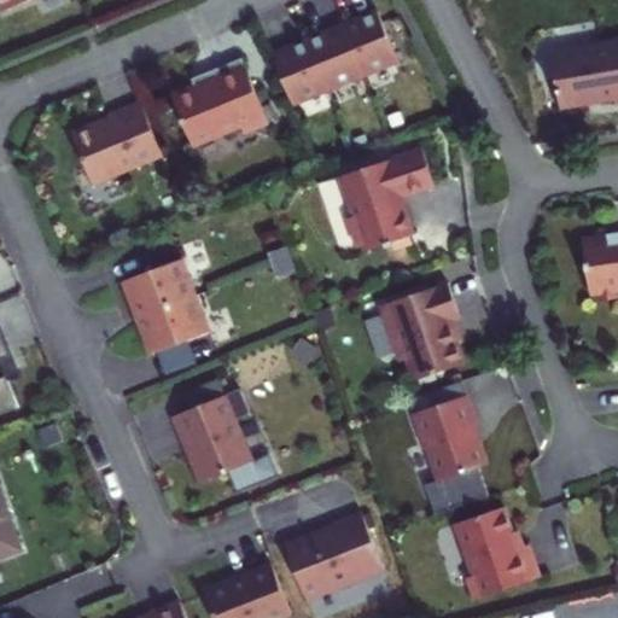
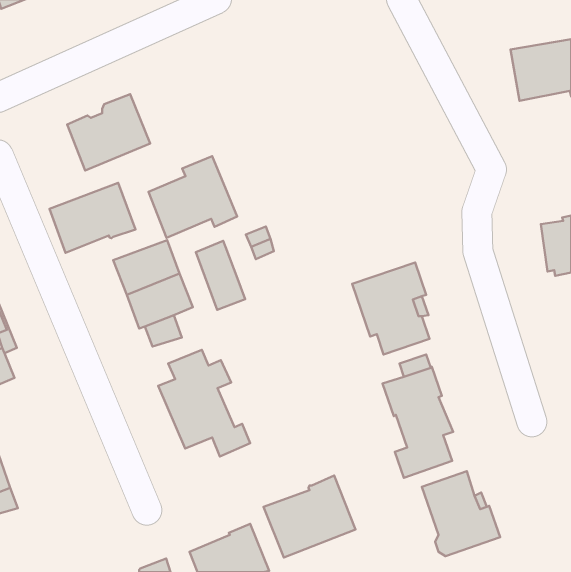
building: [273,12,397,103] -> none
building: [173,58,268,146] -> [148,156,237,238]
building: [338,148,432,251] -> none
building: none -> [49,183,136,253]
building: none -> [196,241,245,310]

